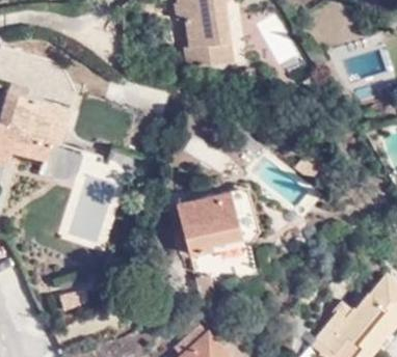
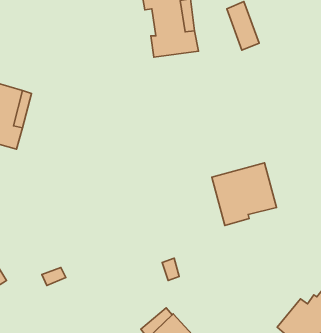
building: [177,190,243,254] -> [212,163,277,226]

